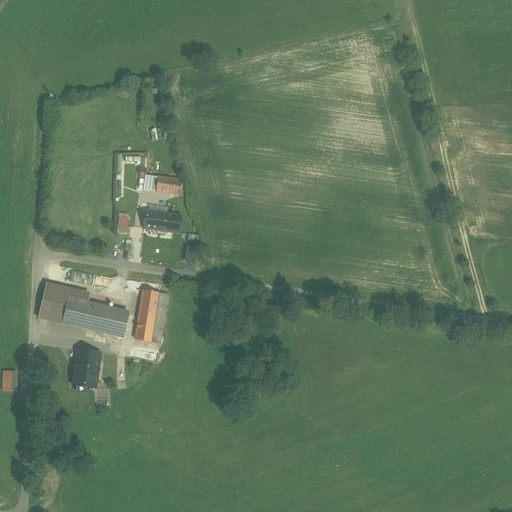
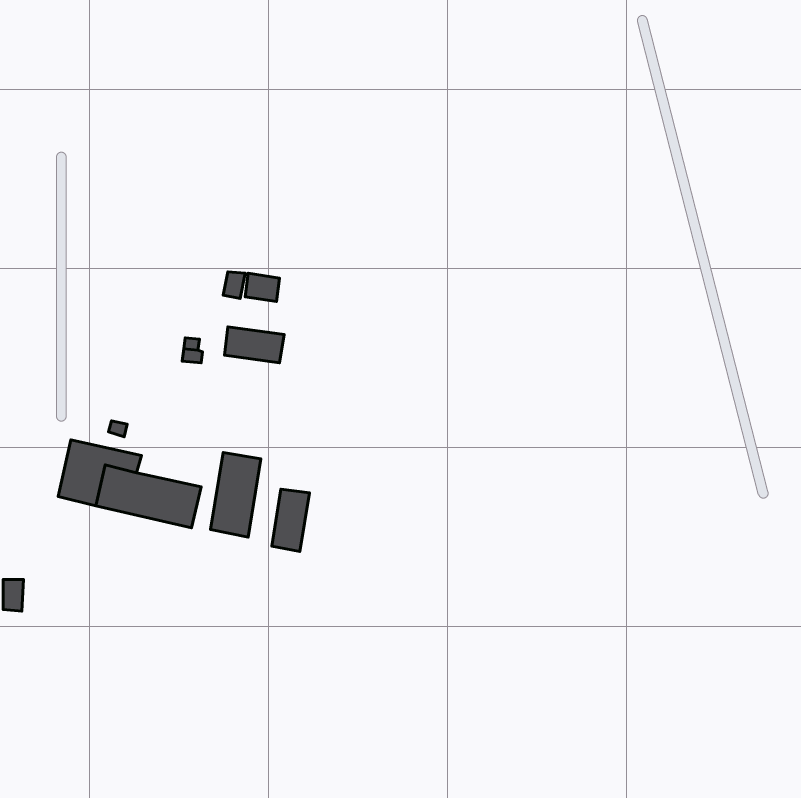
building: none -> [272,489,310,552]
building: [70,347,101,387] -> none

